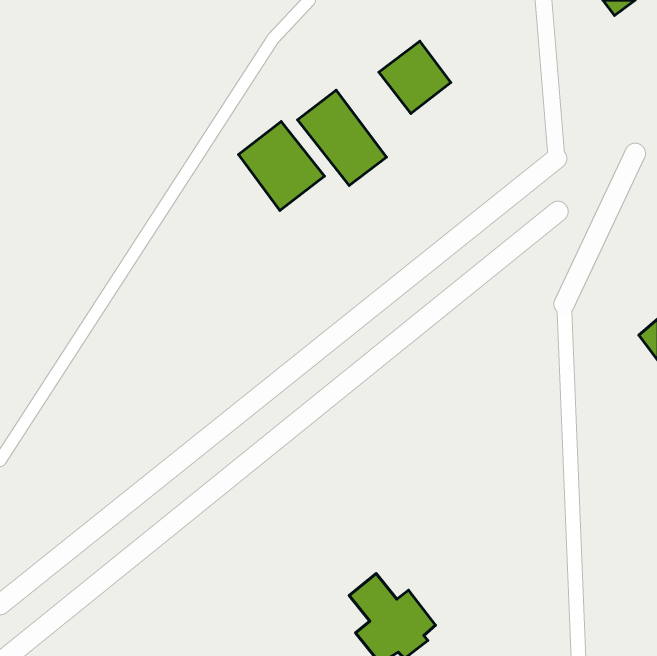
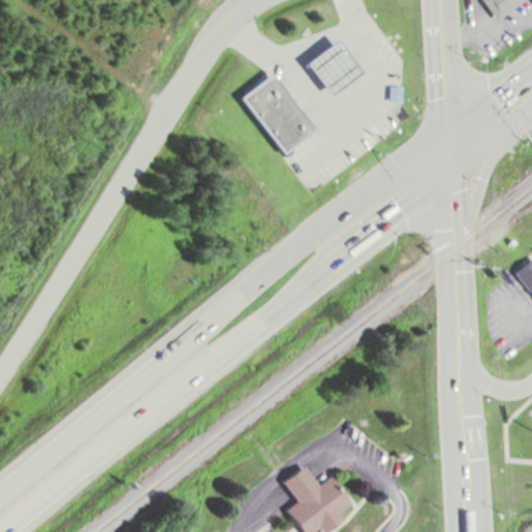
building: [238,122,324,210] -> none

